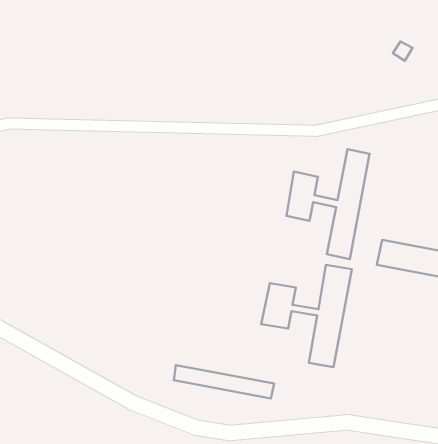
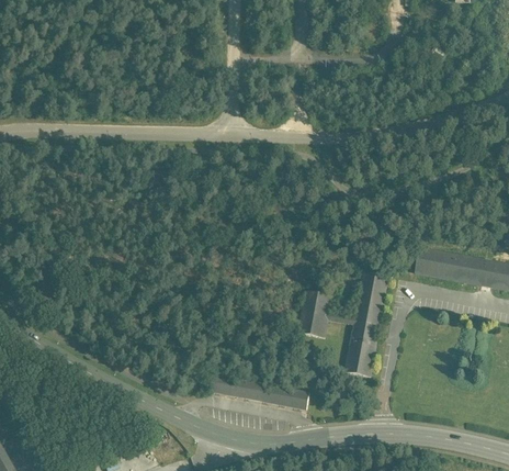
building: [286,149,370,259] -> none

